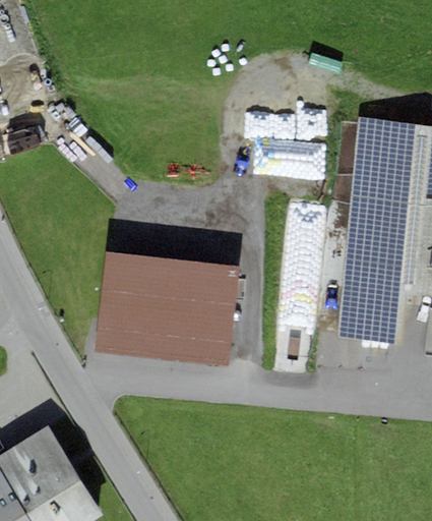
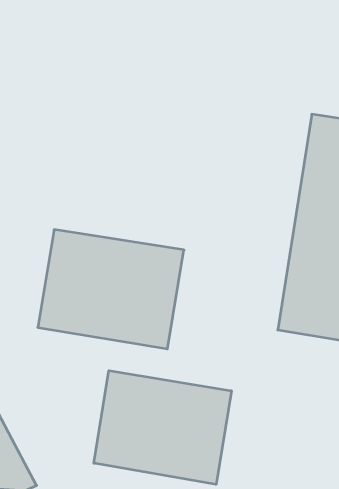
building: none -> [94,371,231,484]

